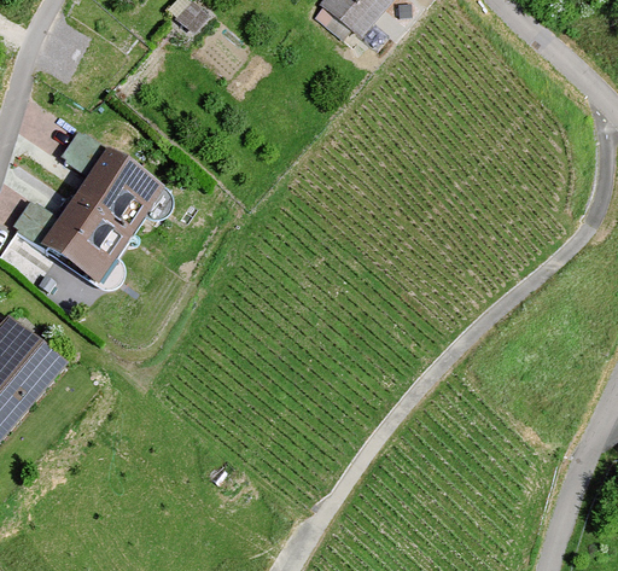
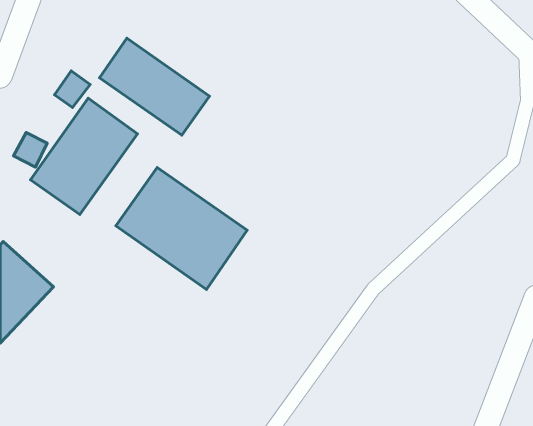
building: none -> [100,38,209,135]
building: none -> [116,168,247,289]

